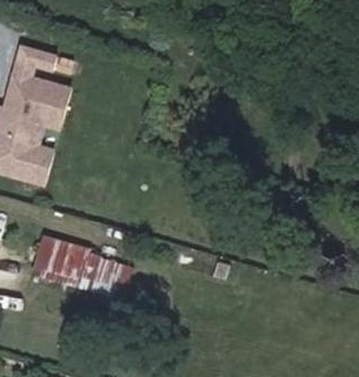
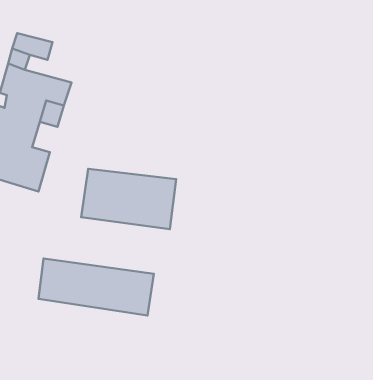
building: none -> [81,169,176,229]

